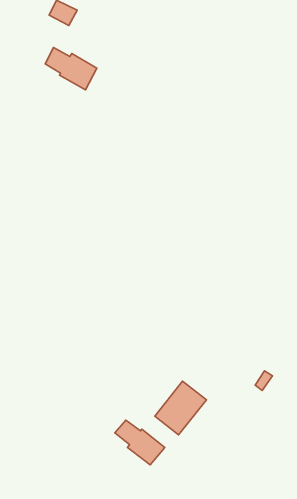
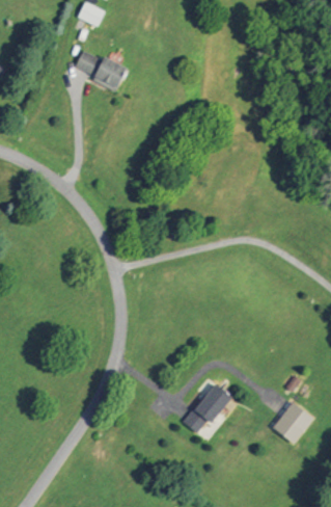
building: none -> [271,401,310,443]
building: [115,420,165,465] -> none

